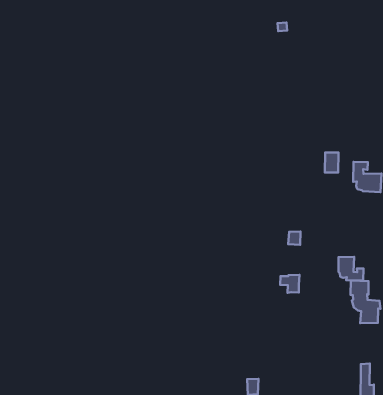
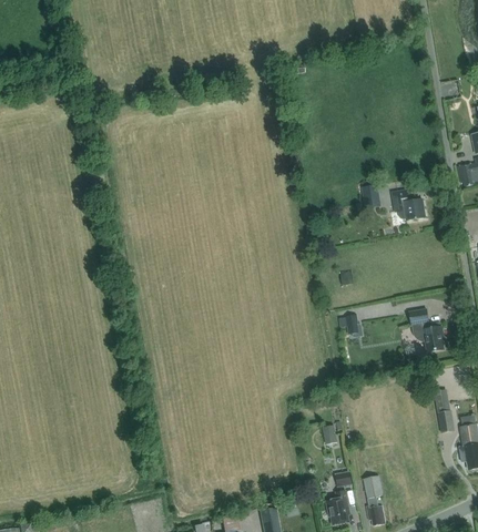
building: [338,257,363,281] -> none

